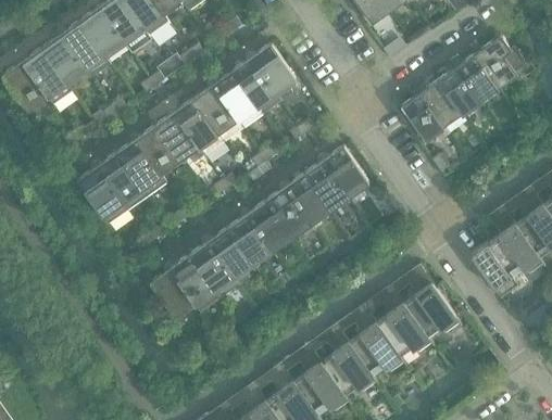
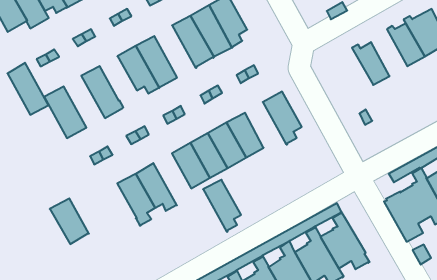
building: [437,63,480,115] -> none
building: [193,85,243,142] -> none
building: [400,88,450,142] -> none
building: [136,126,180,176] -> none
building: [98,152,148,209] -> [7,63,49,115]
building: [304,160,349,211] -> none
building: [208,228,253,285] -> [203,180,241,232]
building: [149,268,196,319] -> [50,198,89,244]

